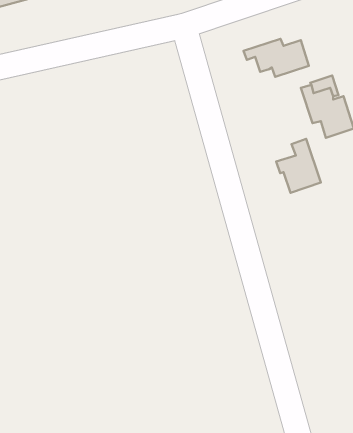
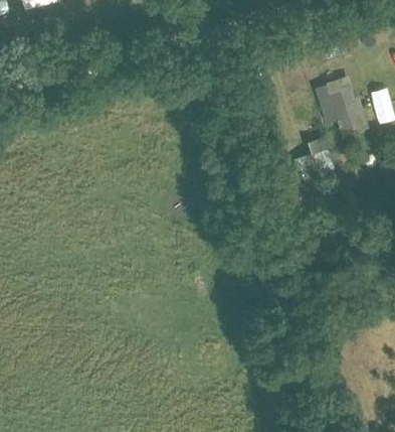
building: [244,39,309,77] -> none

